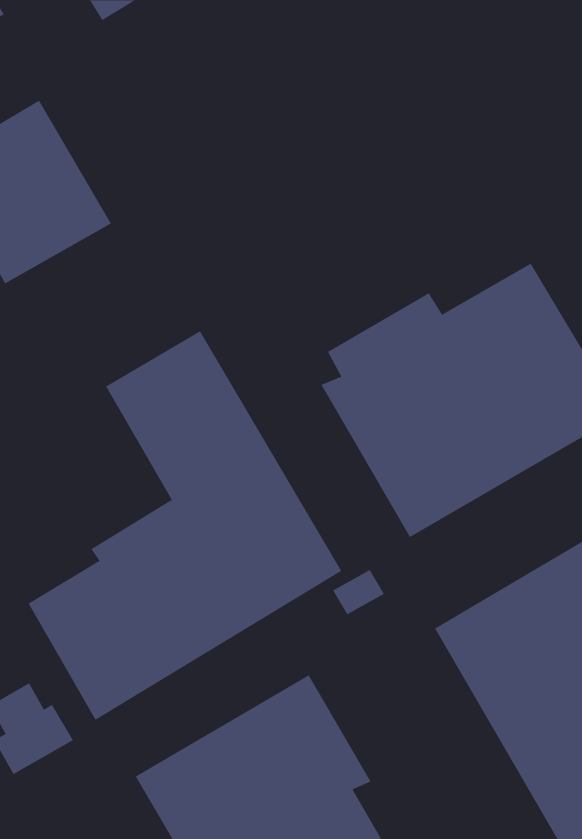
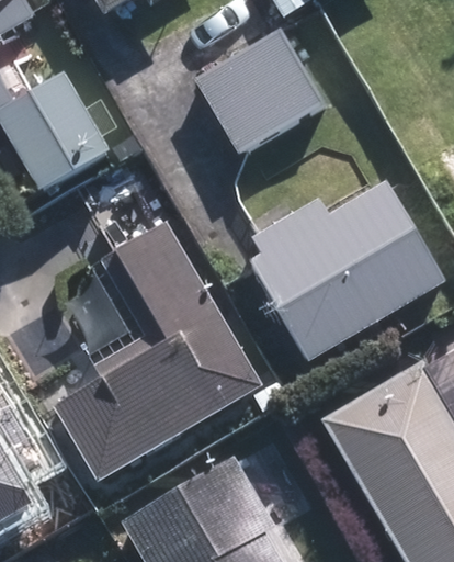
building: none -> [195,26,327,153]

